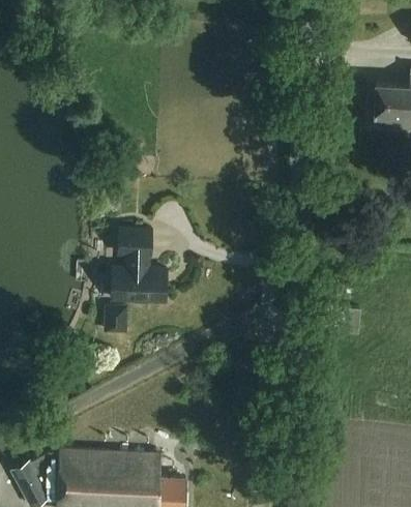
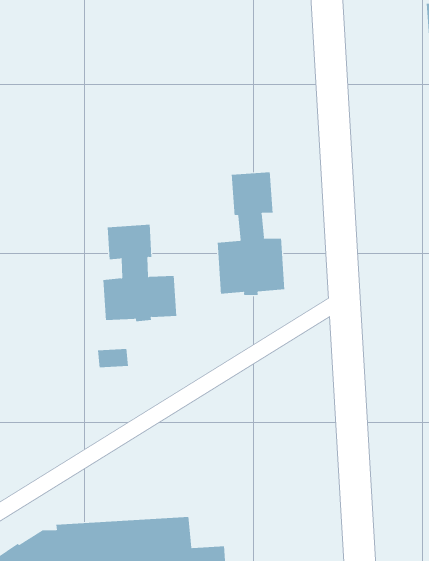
building: none -> [217,172,285,296]

